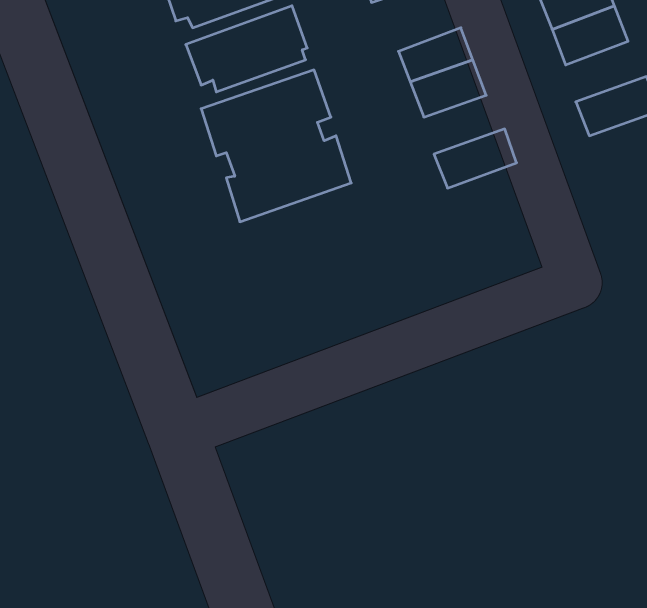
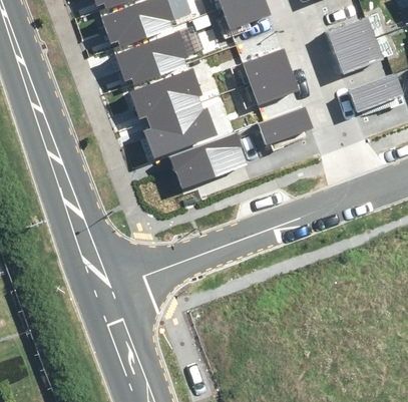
building: none -> [172,135,250,190]

